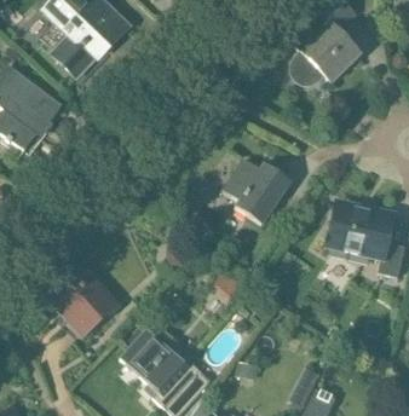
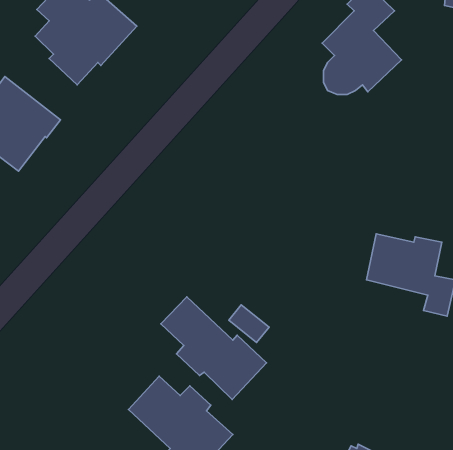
building: [223,157,290,224] -> none
building: none -> [161,297,267,399]
building: [46,262,117,335] -> none

